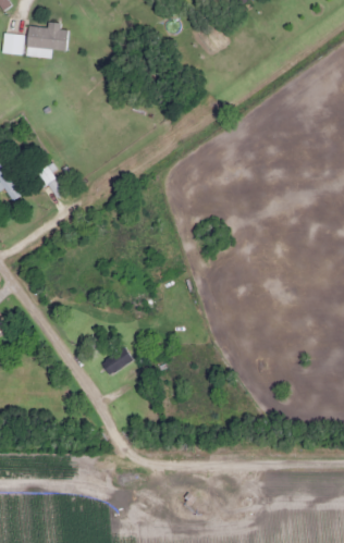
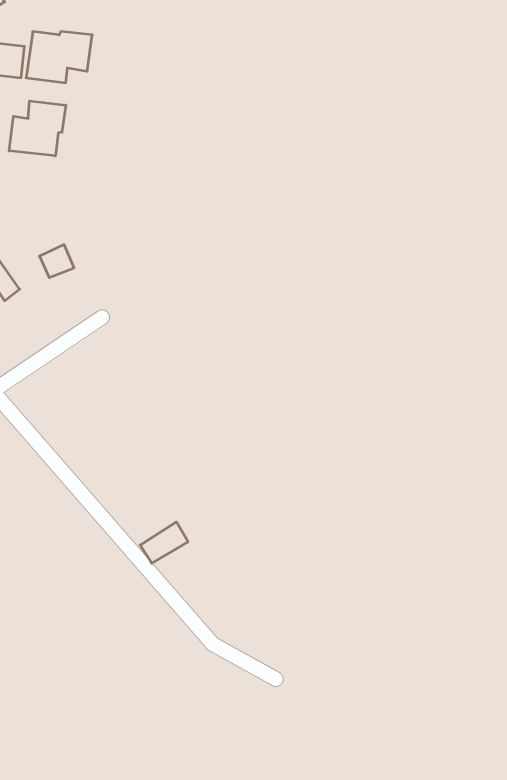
building: none -> [9,101,66,156]

